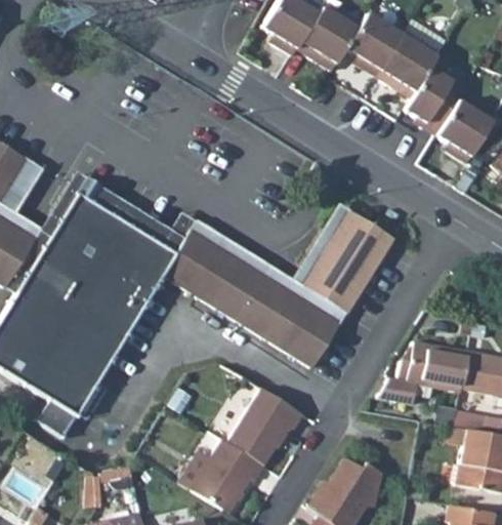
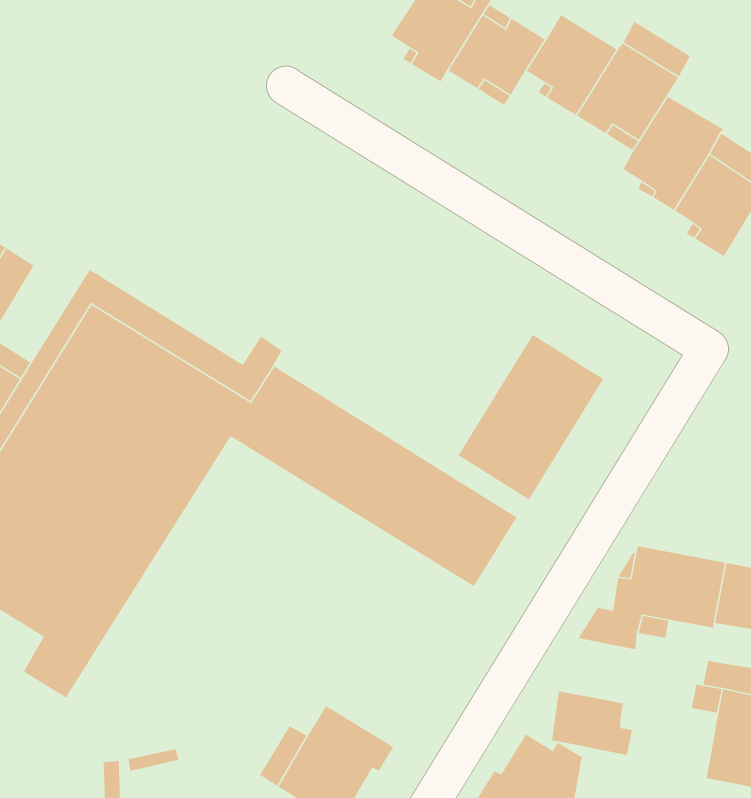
building: [191,205,349,324] -> none
building: [227,389,303,466] -> none
building: none -> [551,690,633,756]

